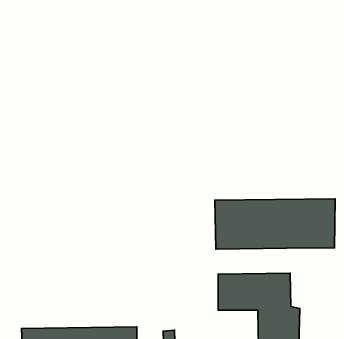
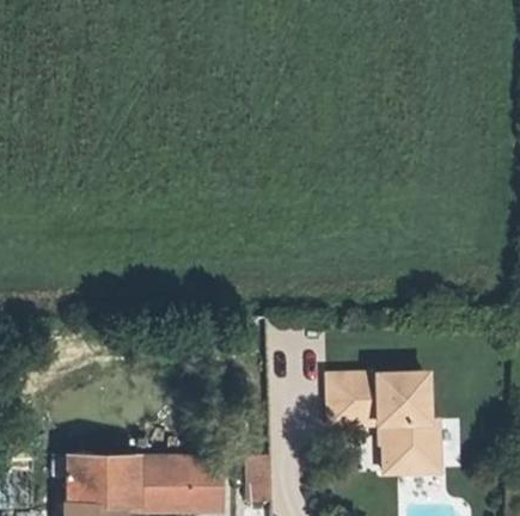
building: [215,199,335,249] -> none

